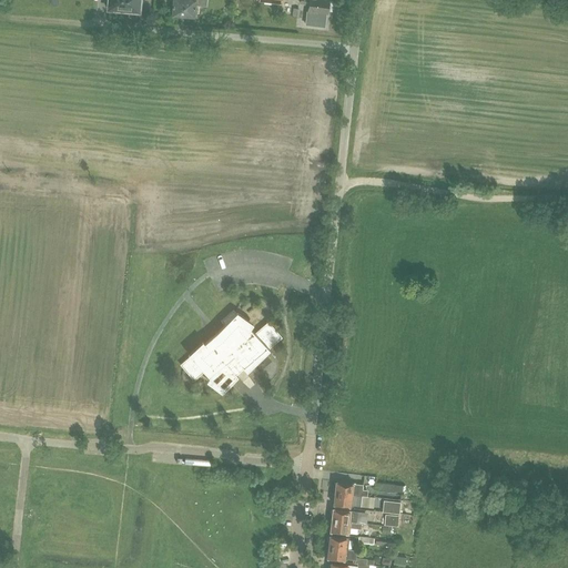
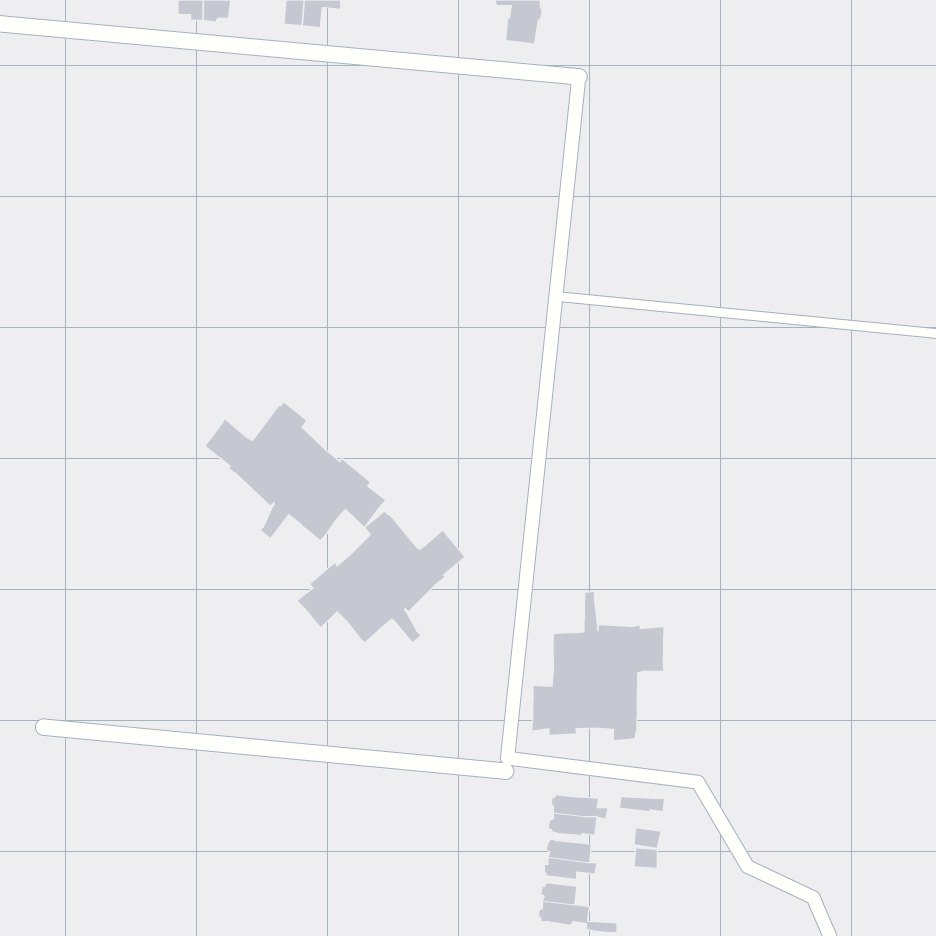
building: none -> [205,402,386,541]
building: none -> [532,591,664,741]

